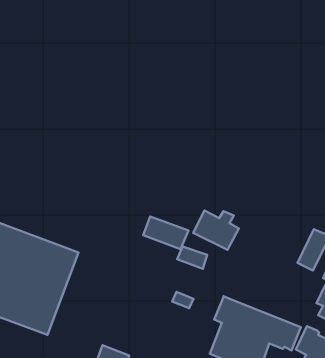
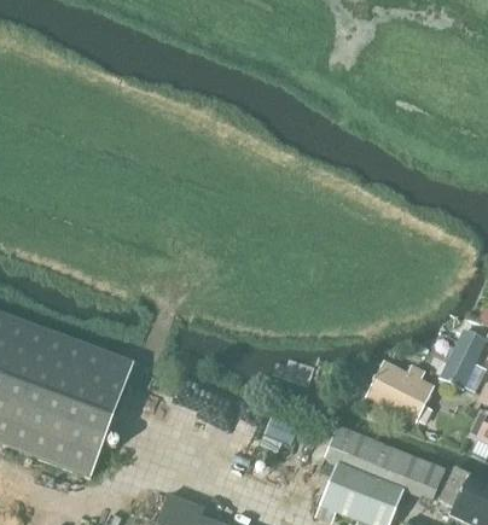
building: [193,210,239,250] -> [368,362,432,418]
building: [143,217,188,249] -> none

